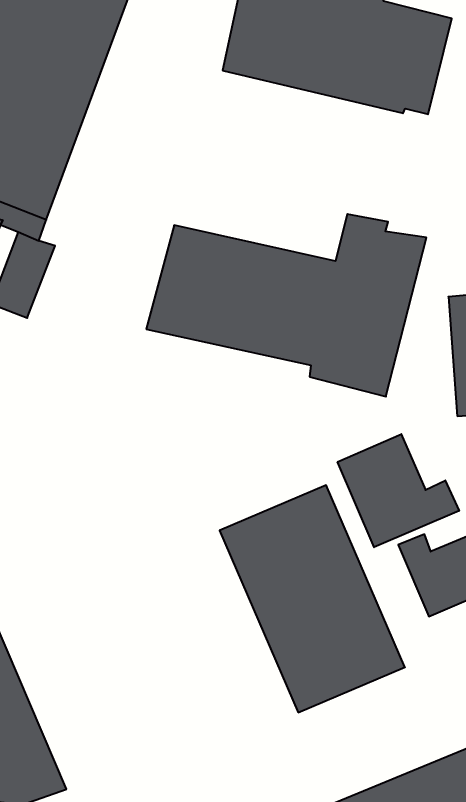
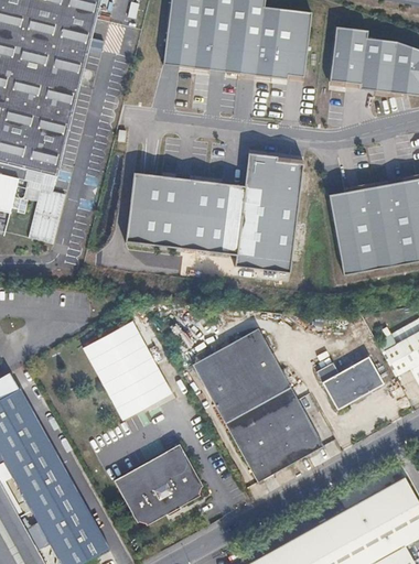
building: [338,434,459,547] -> none
building: none -> [82,323,166,416]
building: none -> [112,444,202,531]

